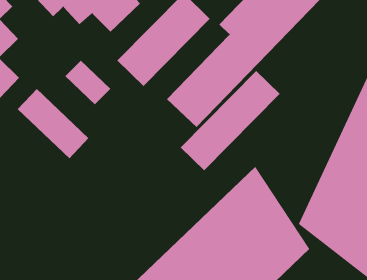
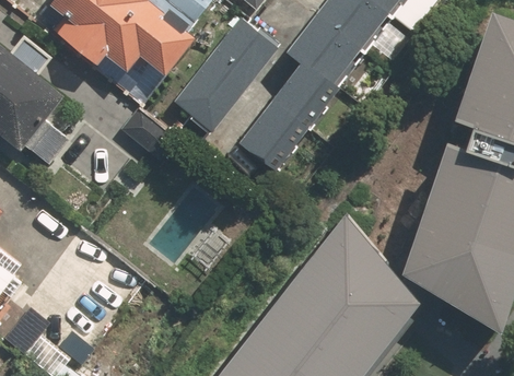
building: [180,70,280,171] -> none
building: [17,88,89,159] -> none

